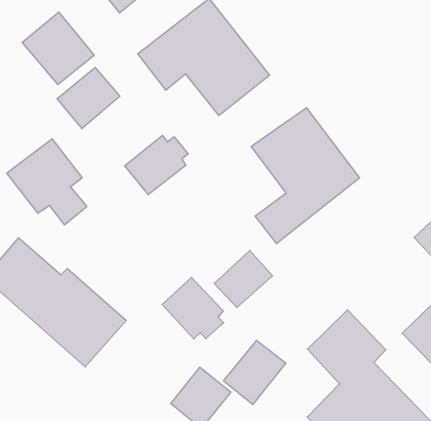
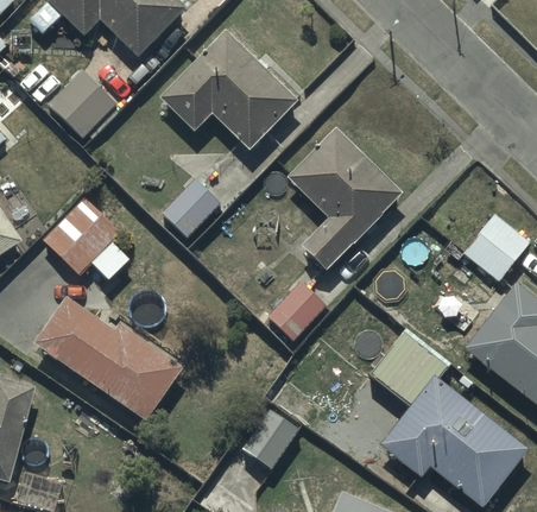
building: [57,68,120,128] -> none
building: [162,278,224,339] -> none
building: [223,340,286,405] -> none

